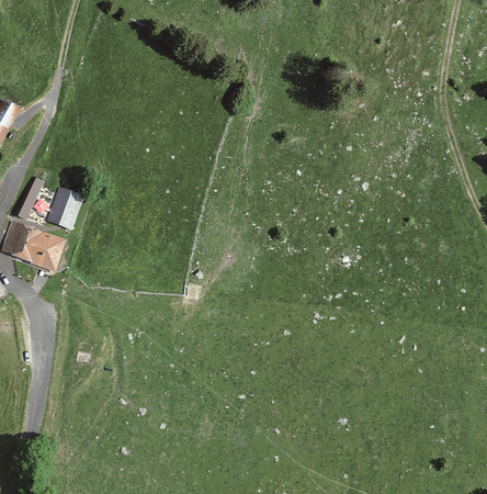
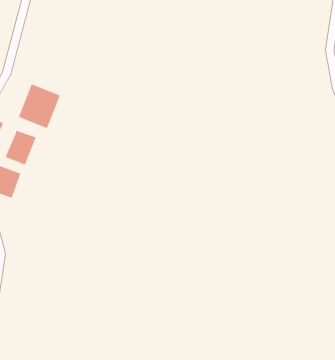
building: none -> [18,84,60,129]

